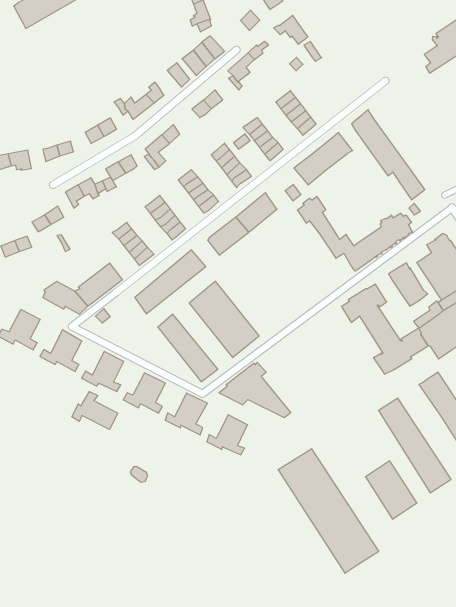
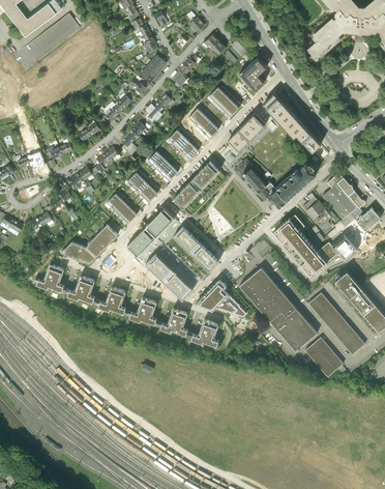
building: none -> [239,57,267,92]
building: [72,392,118,429] -> none
building: [278,449,379,573] -> [240,267,318,351]

